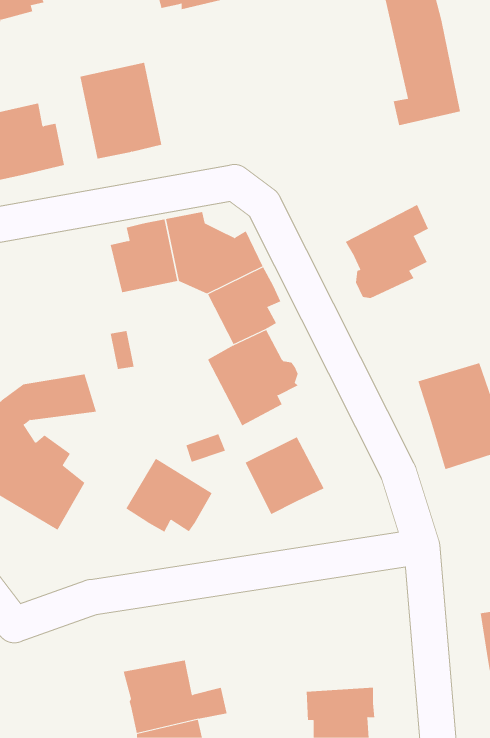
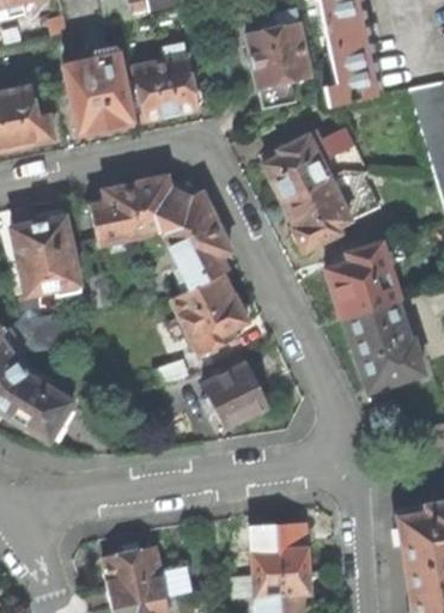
building: none -> [249,8,311,108]
building: none -> [135,43,203,119]
building: none -> [268,127,370,201]
building: none -> [13,208,81,293]
building: none -> [326,242,401,317]
building: [126,458,213,532] -> none
building: none -> [230,522,310,573]

